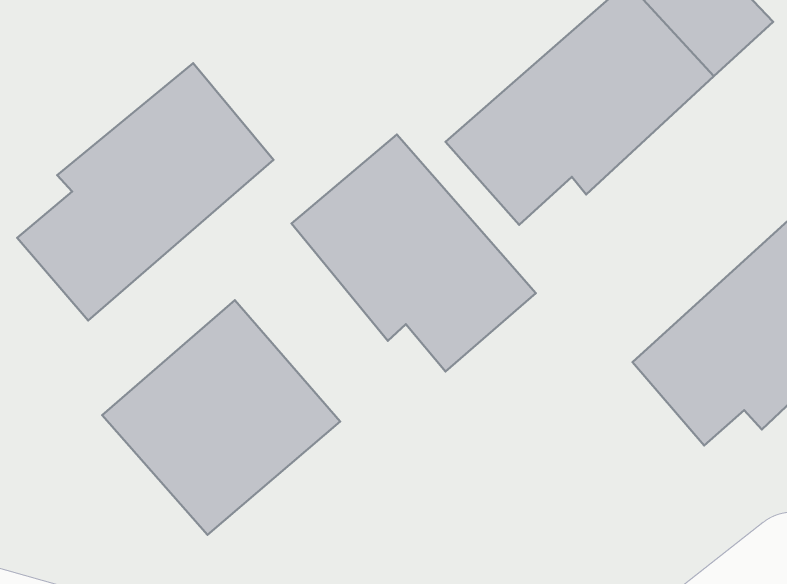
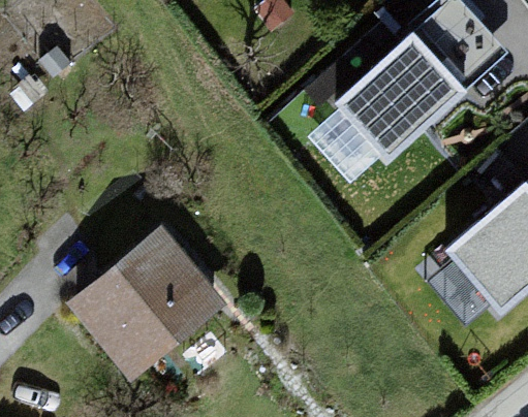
building: [17,63,273,321] -> none
building: [292,134,536,372] -> none

